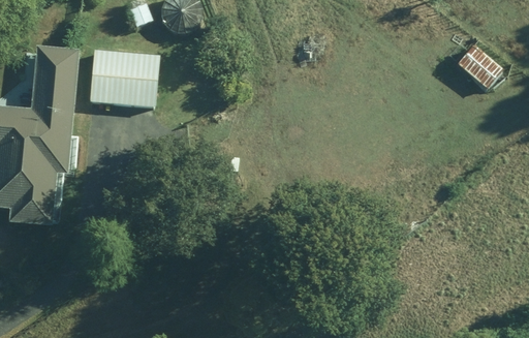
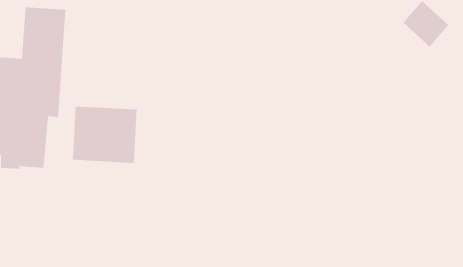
building: [90,42,163,106] -> [72,106,137,164]

